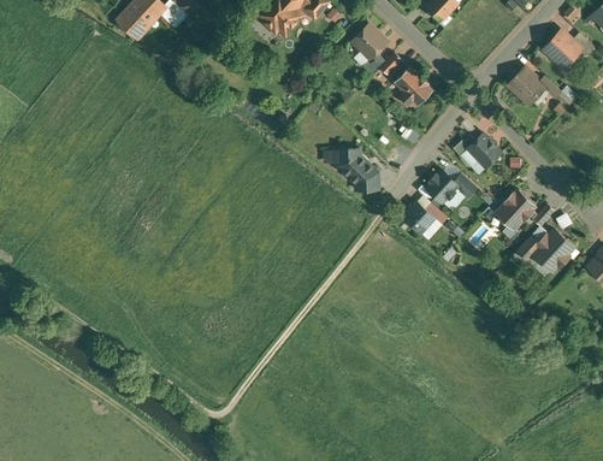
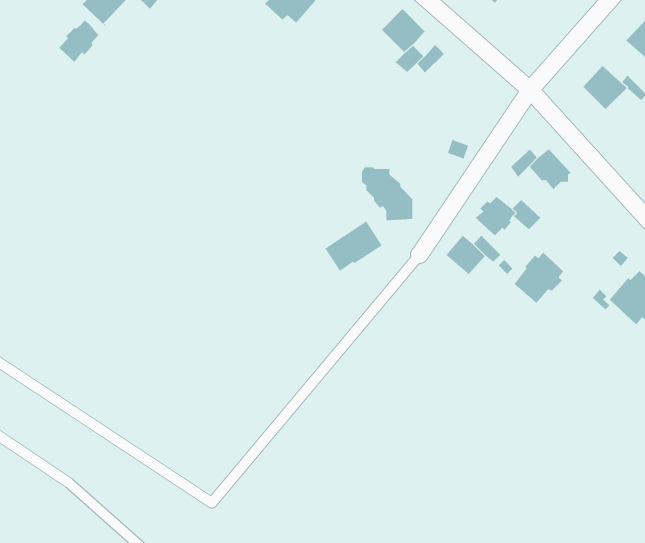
building: none -> [59,20,99,63]
building: [392,66,433,106] -> none
building: [495,189,534,230] -> [513,251,564,304]
building: none -> [323,221,382,273]

